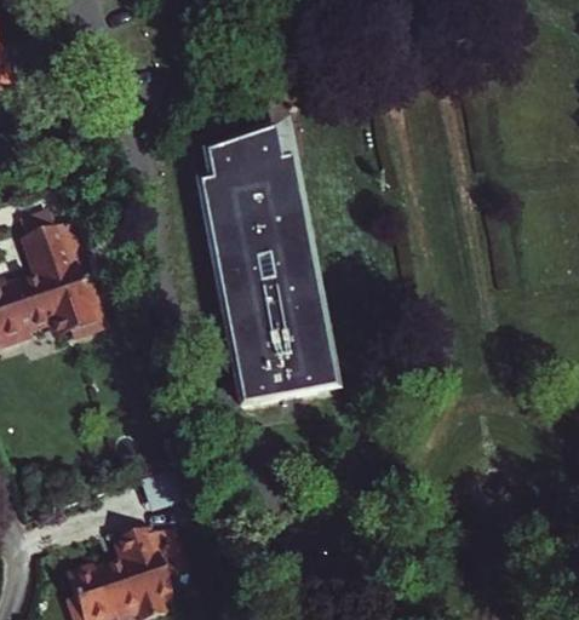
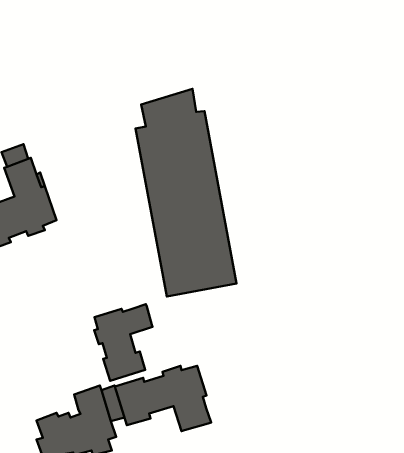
building: none -> [94,304,153,381]
building: none -> [115,366,211,431]

